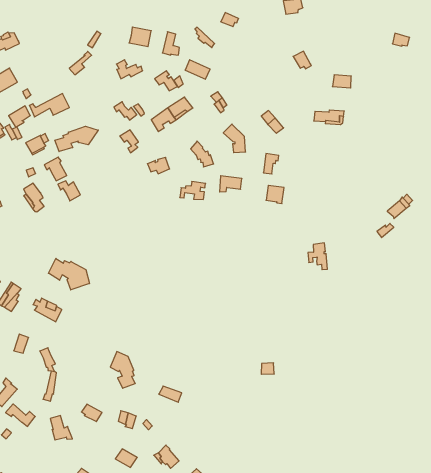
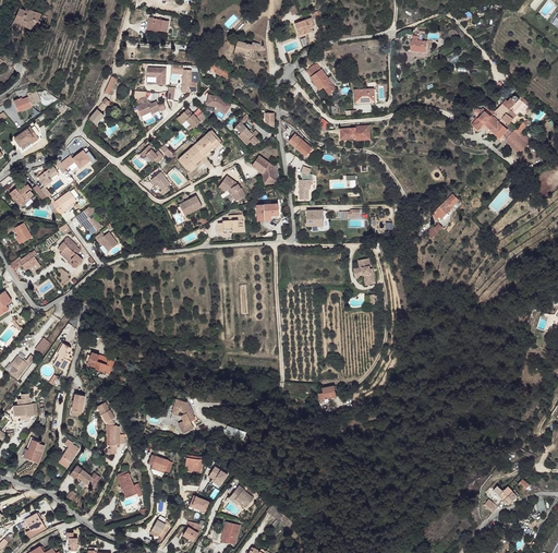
building: [55,126,98,152] -> none
building: [48,258,89,290] -> none

